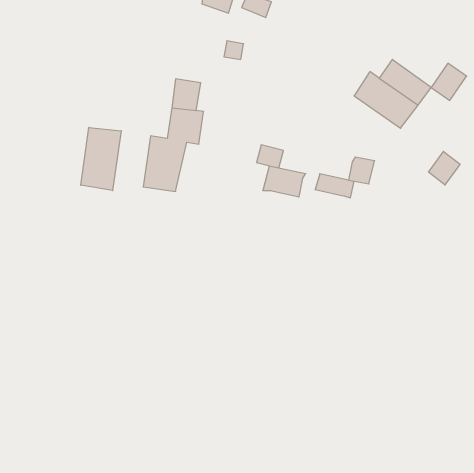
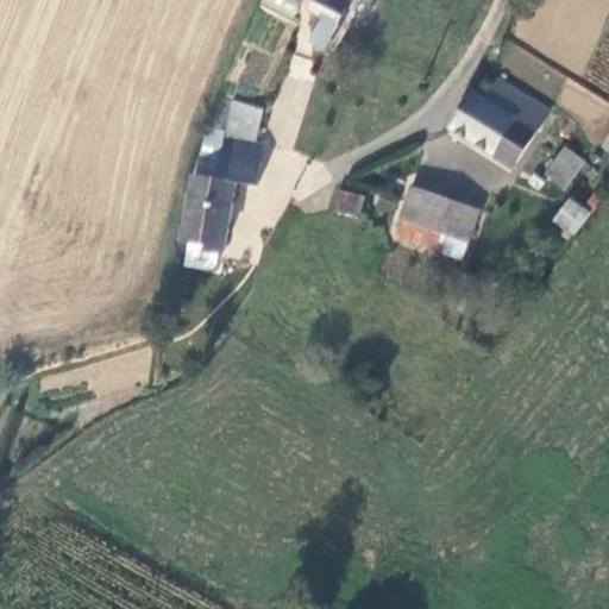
building: [431,63,467,100] -> [540,142,585,189]
building: [81,127,121,191] -> none
building: [263,166,306,197] -> [400,192,454,231]

